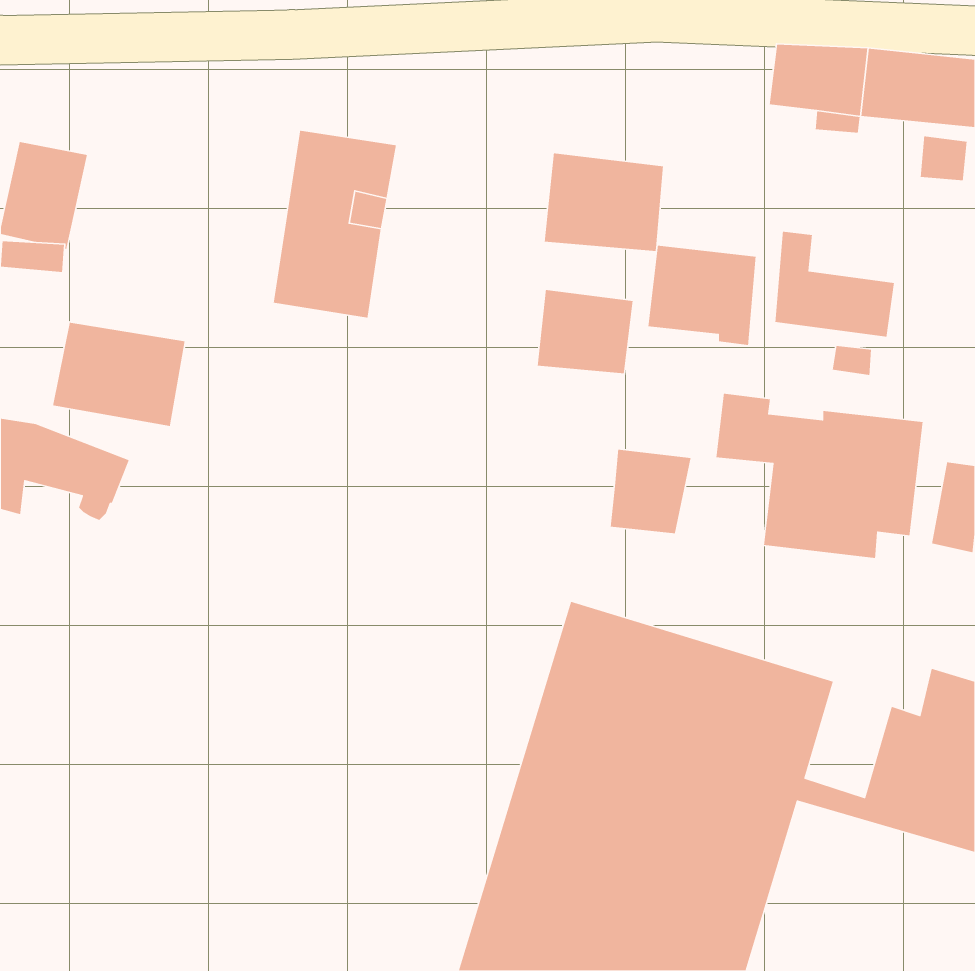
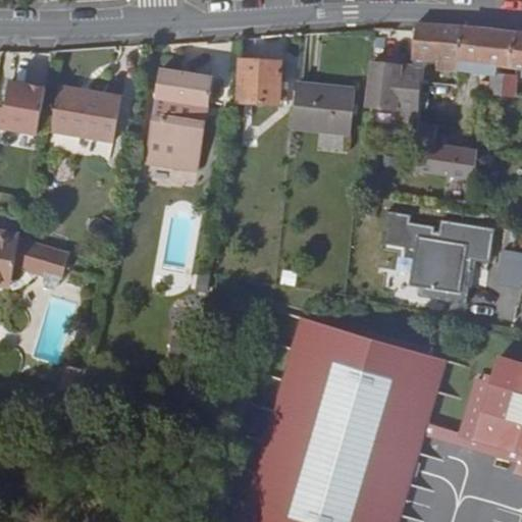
building: none -> [237,59,280,103]
building: [648,245,756,346] -> [364,62,422,116]
building: [537,289,633,374] -> none
building: [52,322,186,427] -> [50,86,121,142]
building: [610,449,691,534] -> none

